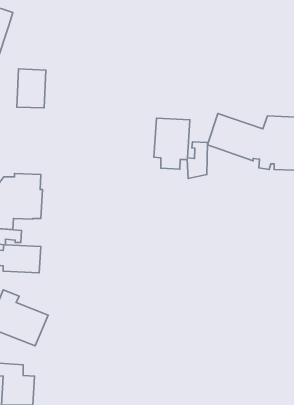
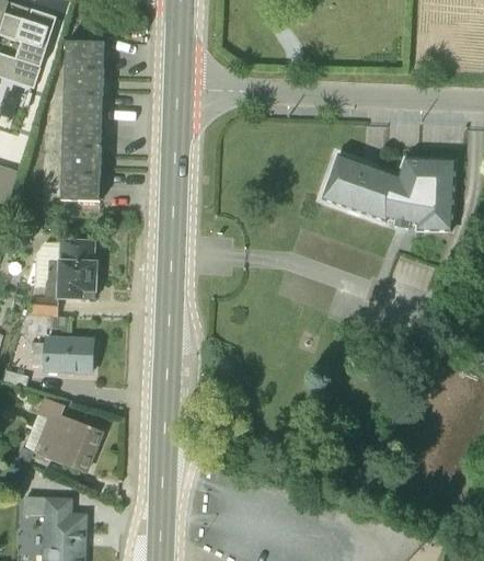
building: none -> [65,42,105,96]
building: none -> [60,147,100,202]
building: [154,118,208,179] -> none

